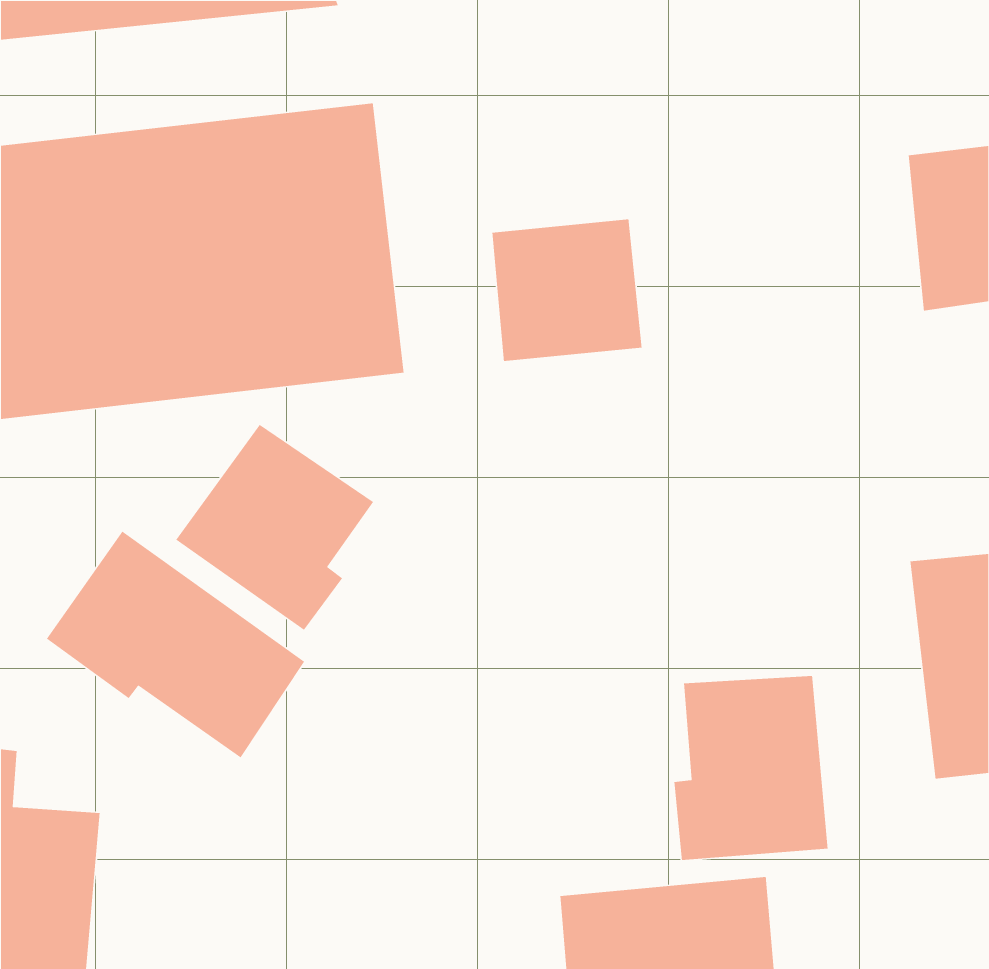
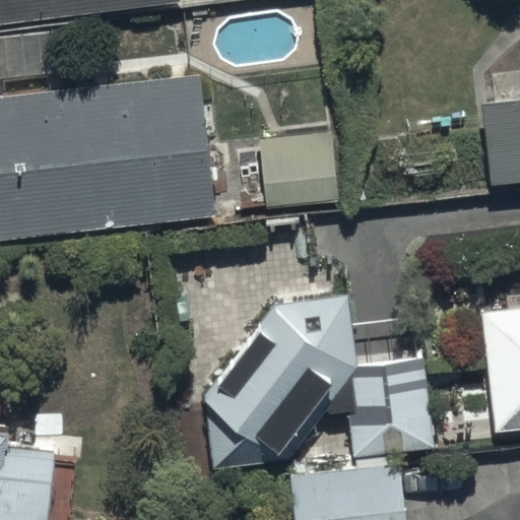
building: [175,424,374,631] -> none
building: [46,531,305,759] -> none
building: none -> [179,304,356,478]

